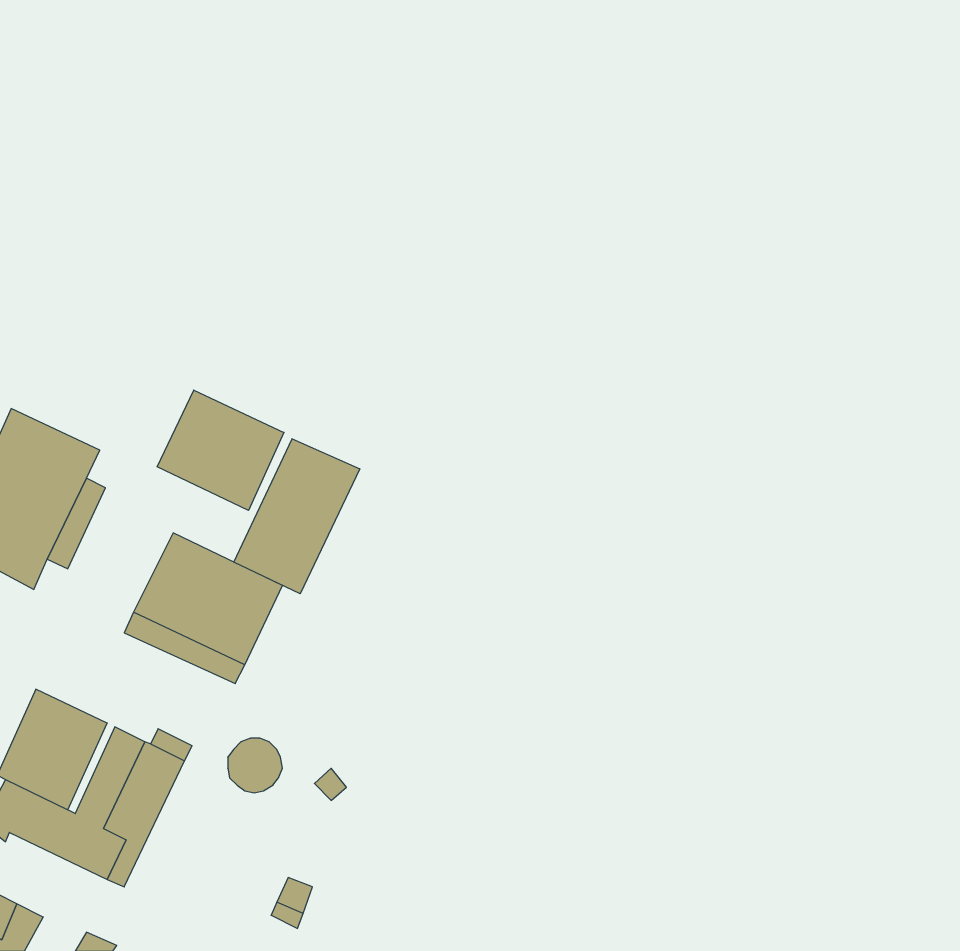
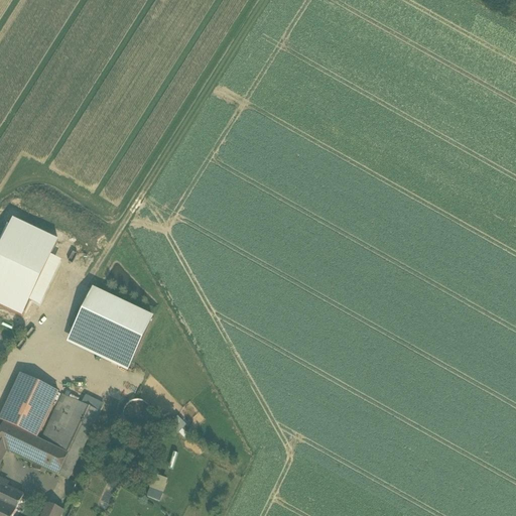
building: [157,390,284,510] -> none
building: [234,439,360,594] -> none

